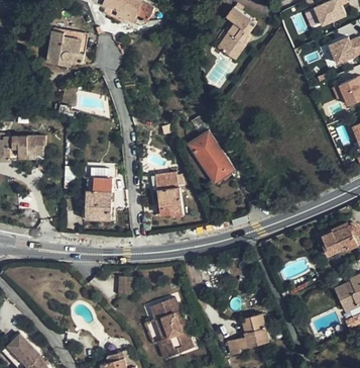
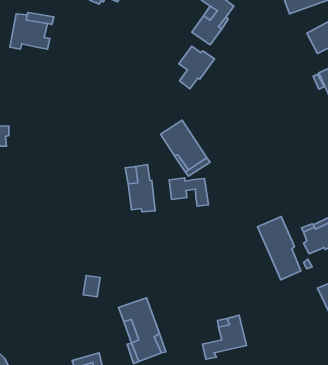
building: none -> [179,46,215,89]
building: [81,178,112,219] -> none
building: none -> [169,178,208,206]
building: none -> [258,216,301,280]

